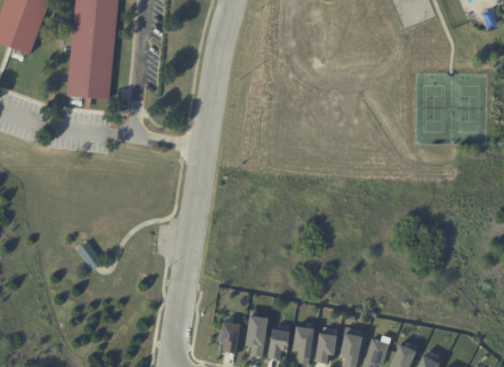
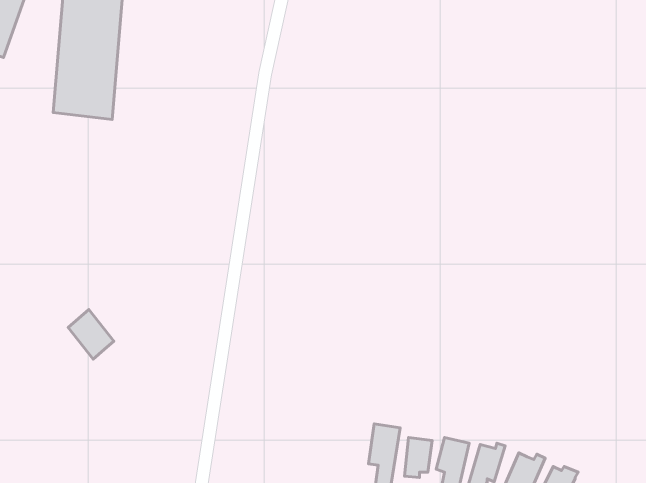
building: [246,313,271,356] -> none
building: [220,320,243,352] -> none
building: [270,328,291,358] -> none

